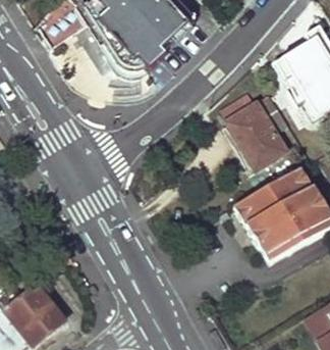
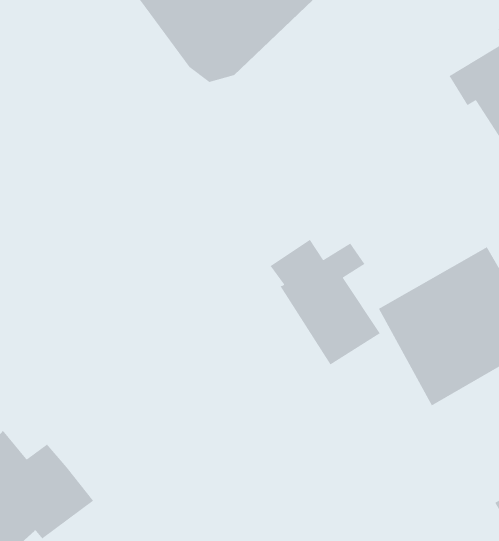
building: [221,93,288,169] -> [270,239,381,365]

